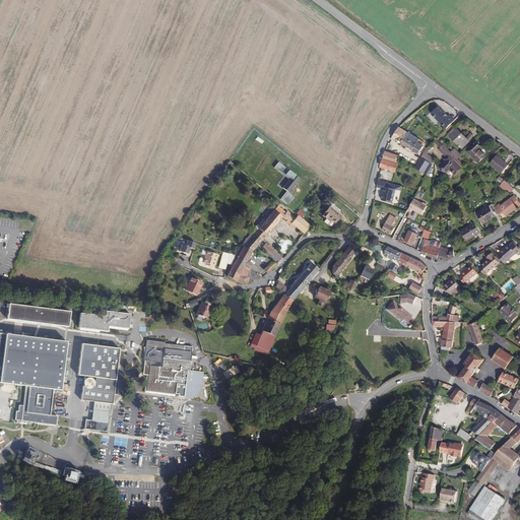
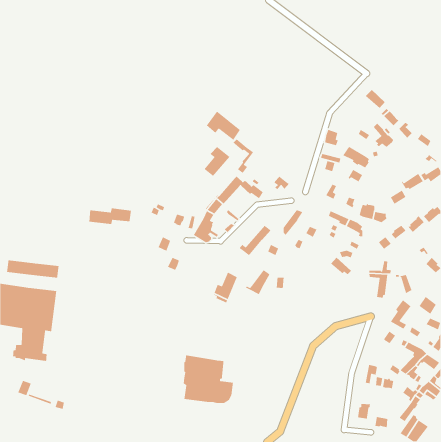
building: [391,127,424,153] -> [342,146,370,168]
building: none -> [206,110,241,141]
building: none -> [203,146,231,177]
building: [262,295,292,325] -> [245,269,271,295]
building: [79,311,130,331] -> [89,208,132,225]
building: [142,339,202,397] -> [183,355,234,404]
building: [78,343,119,431] -> none

